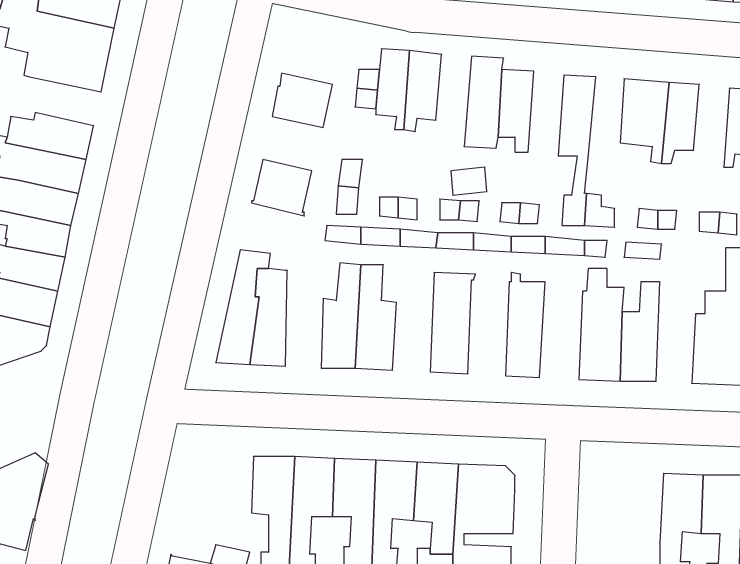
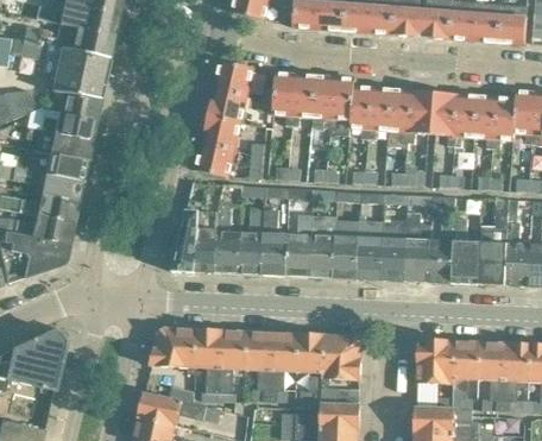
building: none -> [214,61,252,95]
building: none -> [311,76,334,127]
building: none -> [368,87,392,146]
building: none -> [50,90,100,121]
building: none -> [408,90,430,143]
building: none -> [474,95,497,147]
building: none -> [202,115,240,150]
building: none -> [216,203,240,275]
building: none -> [284,214,310,277]
building: none -> [450,218,475,284]
building: none -> [332,219,358,279]
building: none -> [377,220,404,282]
building: none -> [150,328,196,372]
building: none -> [416,340,455,385]

